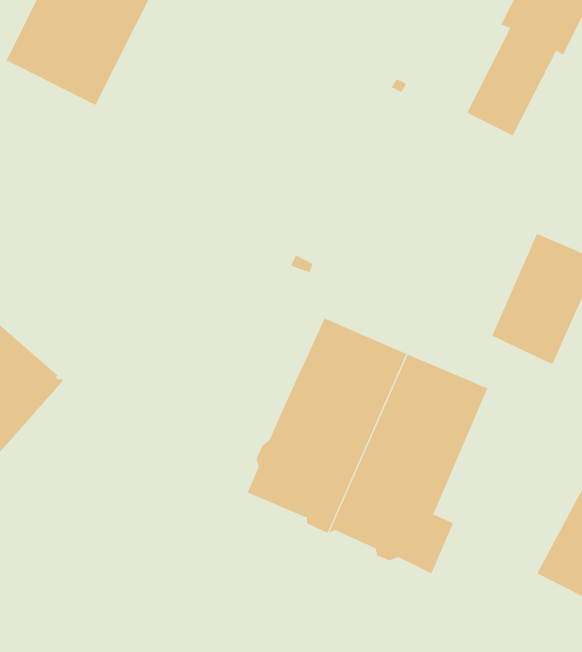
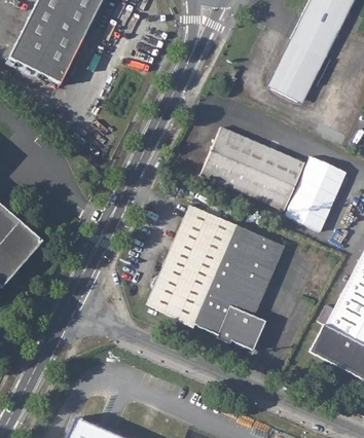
building: none -> [201,126,304,210]

